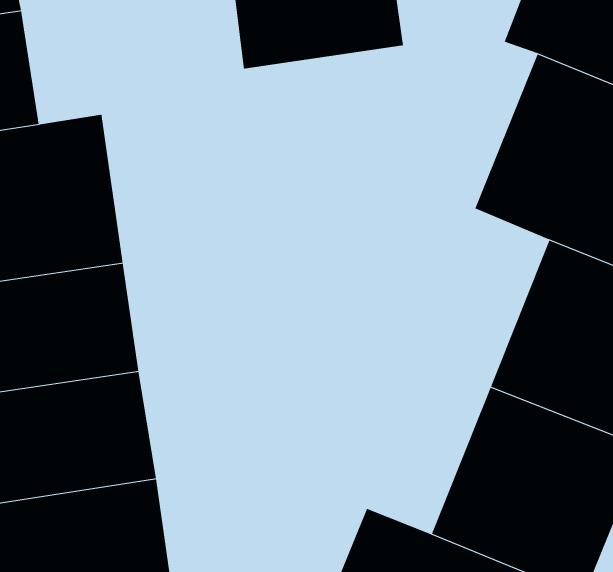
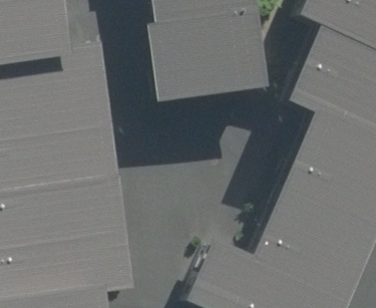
building: none -> [149,27,243,118]

